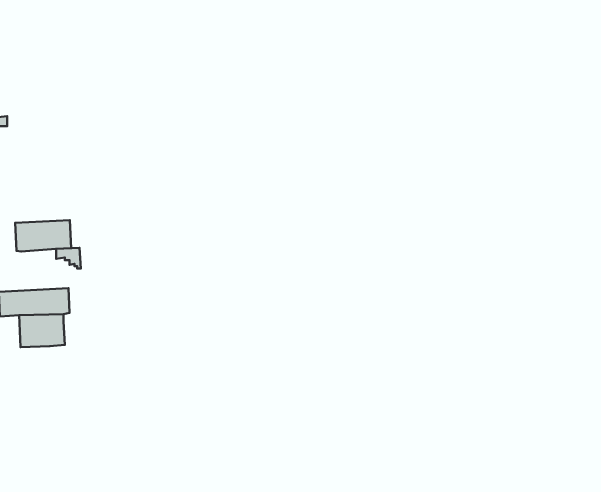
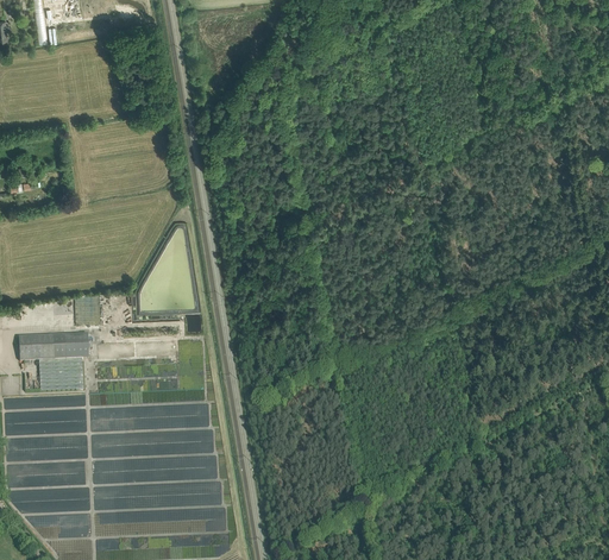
building: [15,220,71,252] -> none

